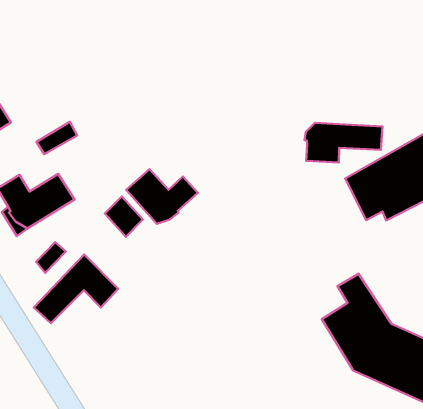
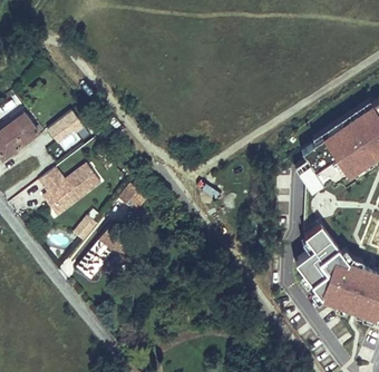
building: none -> [55,109,85,138]
building: [305,123,383,163] -> none
building: [126,169,198,224] -> none

